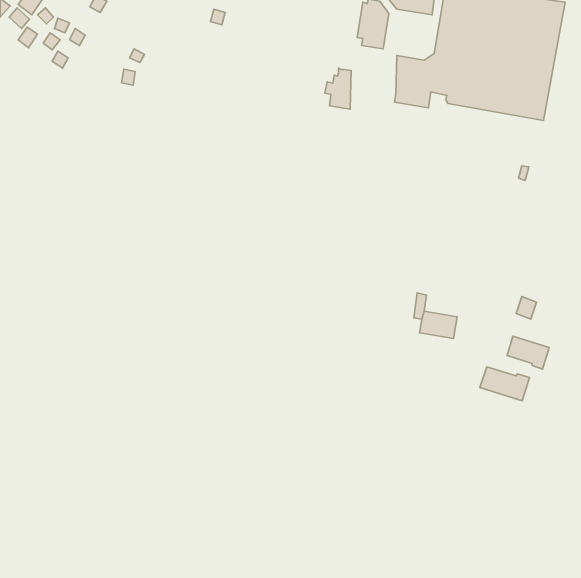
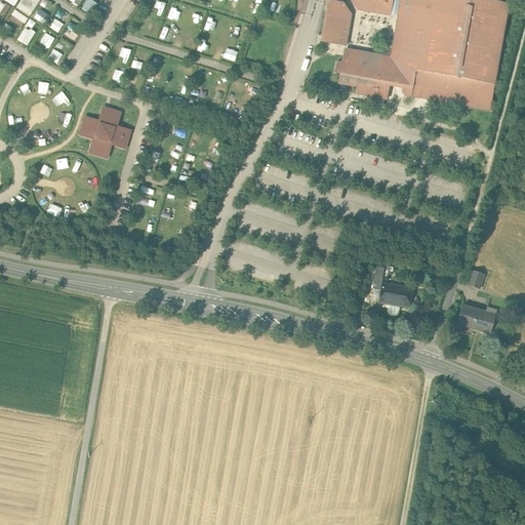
building: [325,68,351,109] -> [334,48,358,85]
building: none -> [82,109,127,154]
building: [480,367,530,401] -> none

